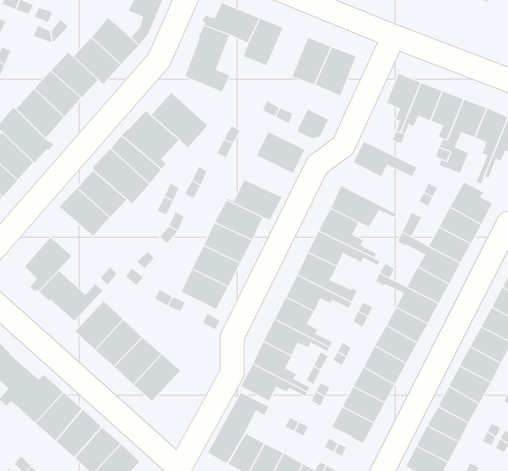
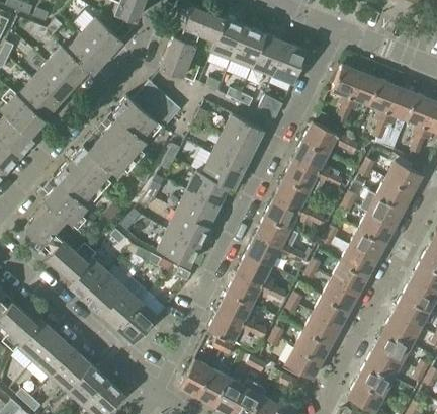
building: none -> [231,26,265,68]
building: none -> [211,135,253,170]
building: none -> [293,141,343,184]
building: none -> [38,177,88,225]

